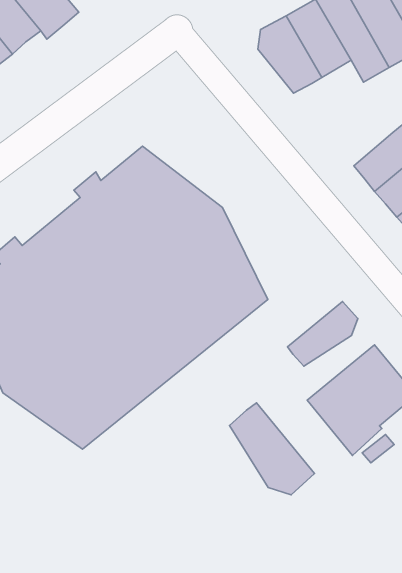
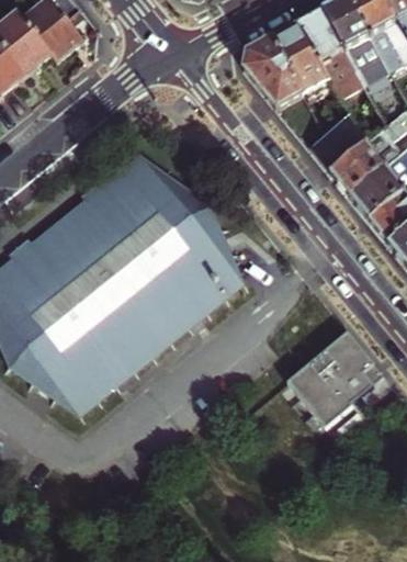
building: none -> [306,110,364,170]
building: [287,302,358,366] -> none
building: [229,403,315,495] -> none

